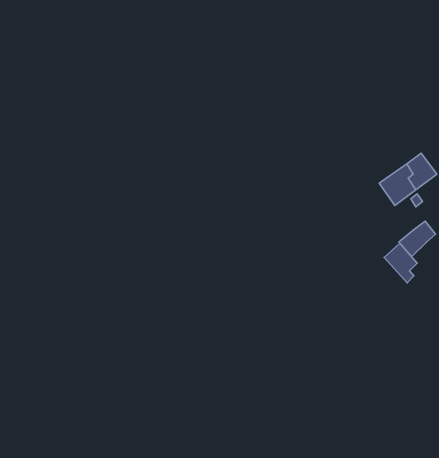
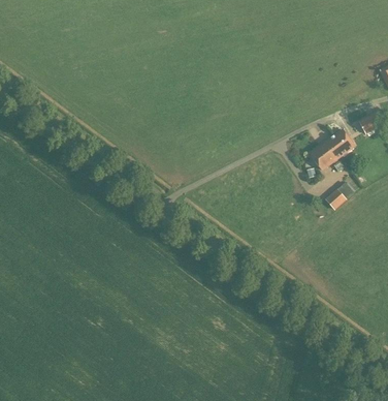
building: [384,243,417,283] -> none

